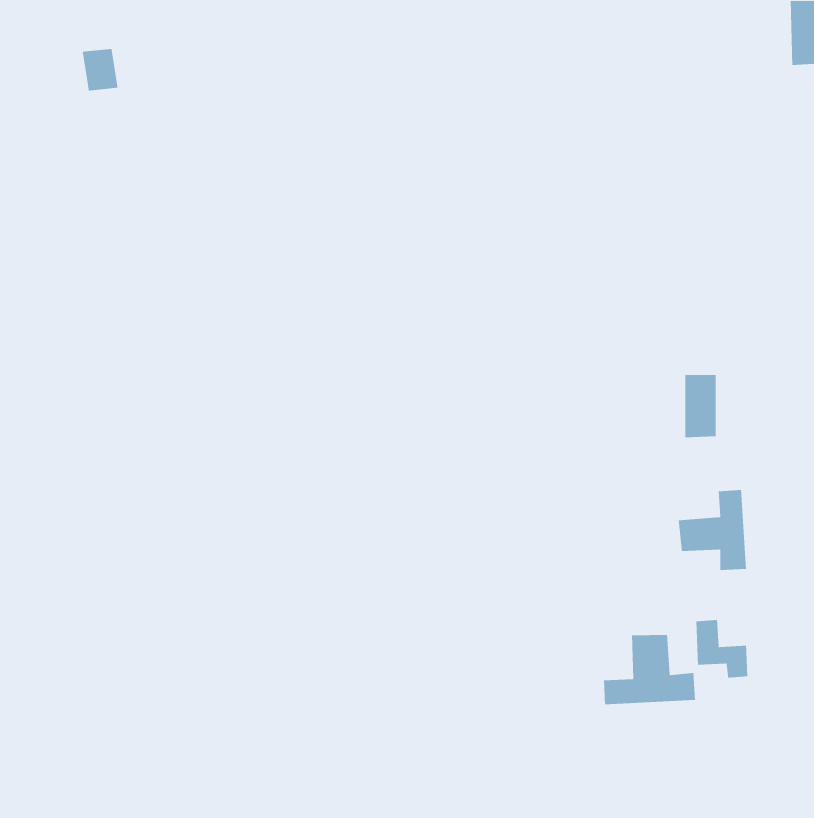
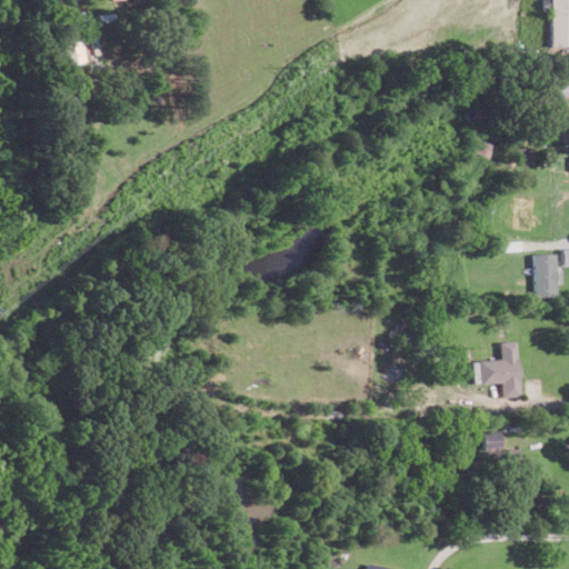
building: [685,374,717,438] -> [536,253,558,298]
building: [603,634,696,705] -> none

